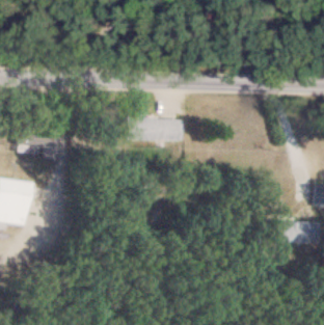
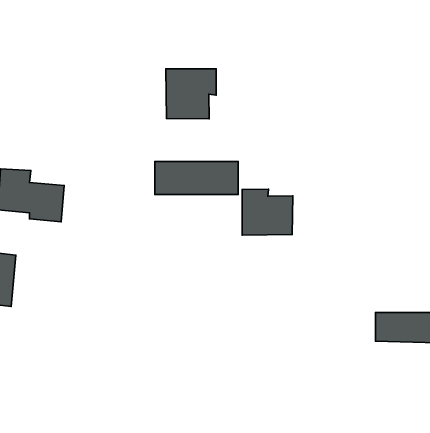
building: none -> [166,69,216,119]
building: none -> [242,189,293,235]

